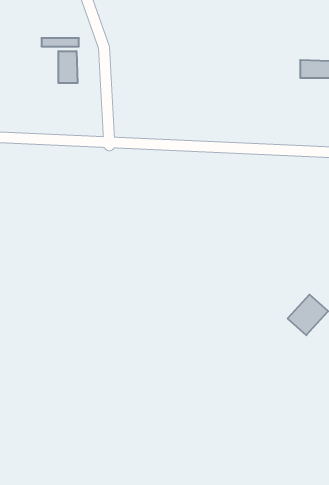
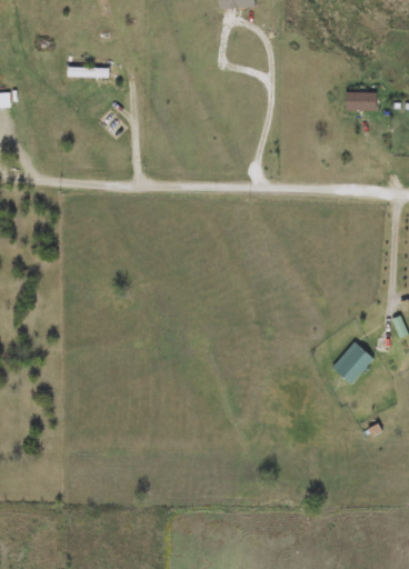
building: [58,51,78,83] -> none

